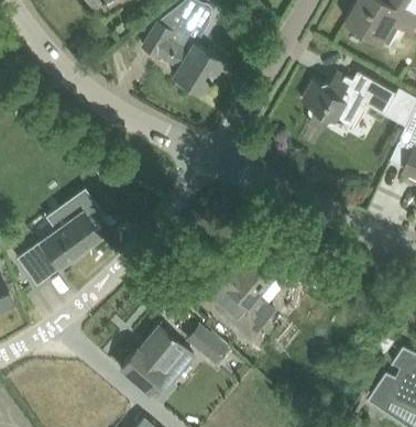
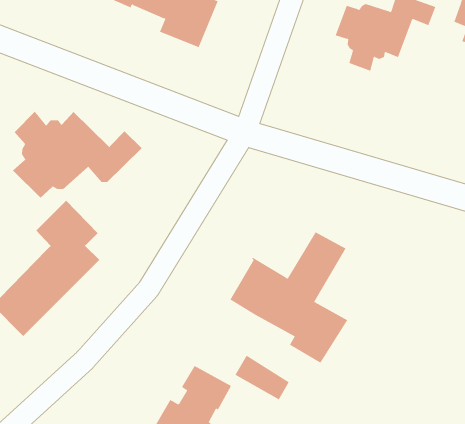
building: none -> [12,111,142,198]

